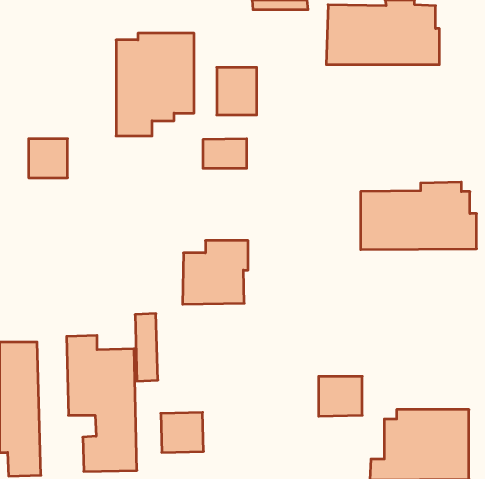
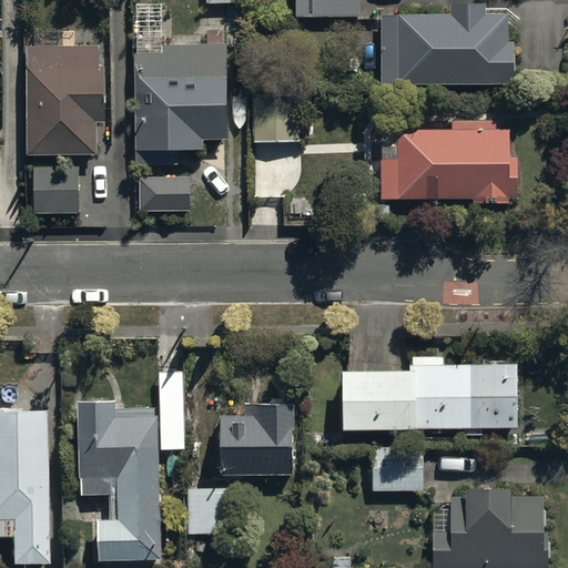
building: none -> [28,47,103,153]
building: [203,139,247,168] -> [139,184,190,219]
building: [361,182,477,250] -> [381,120,516,199]
building: [183,241,248,304] -> [219,399,295,474]
building: none -> [343,357,517,429]

